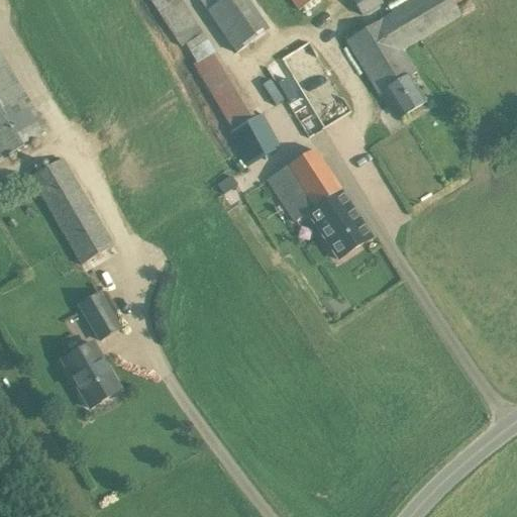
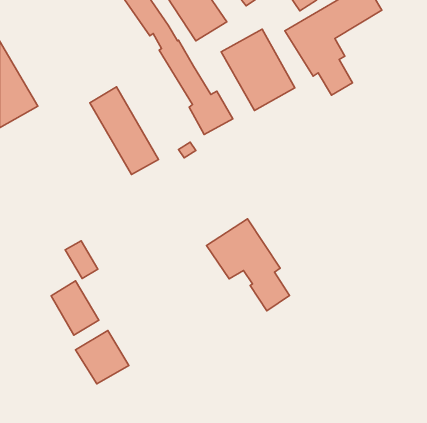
building: [265,145,365,256] -> [207,219,289,311]
building: [29,154,112,261] -> [90,87,158,175]
building: none -> [75,331,129,384]

